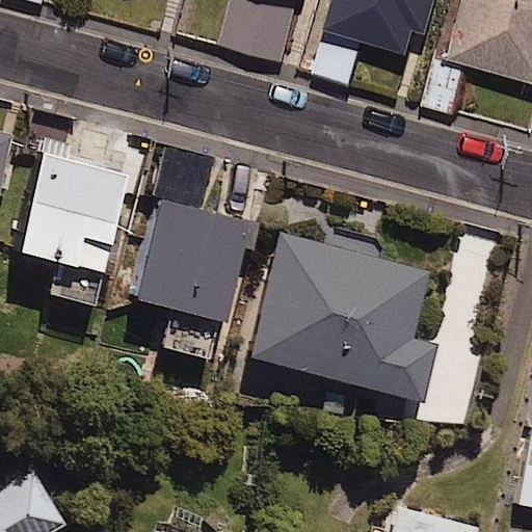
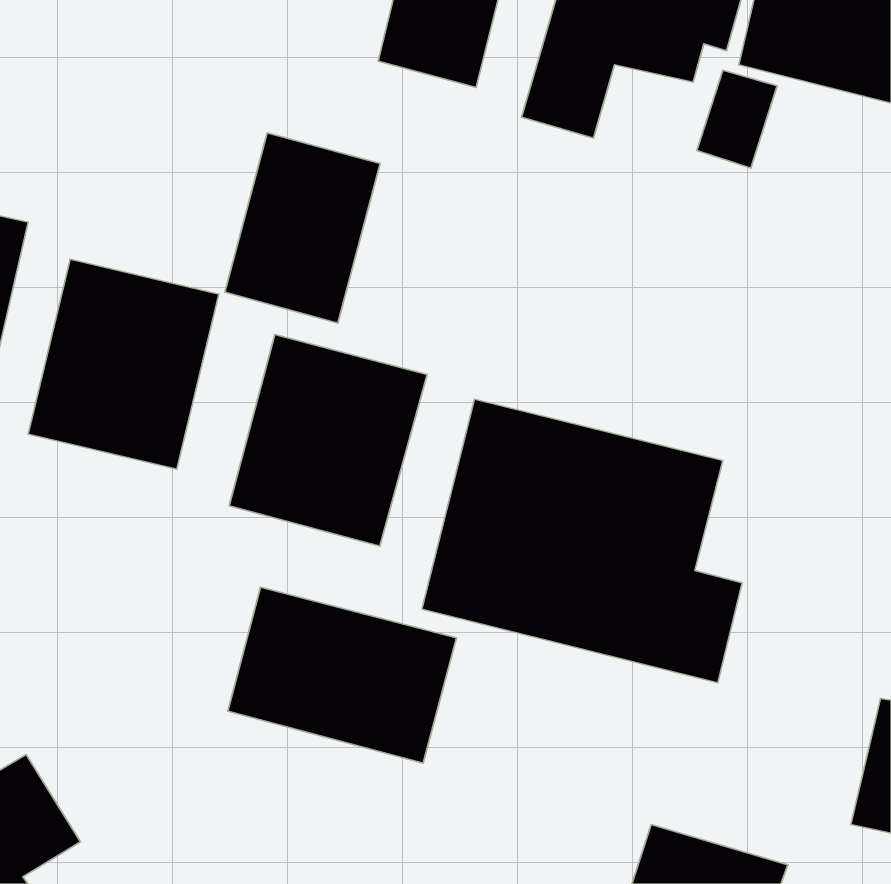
building: none -> [225,133,380,323]
building: none -> [228,587,457,763]

